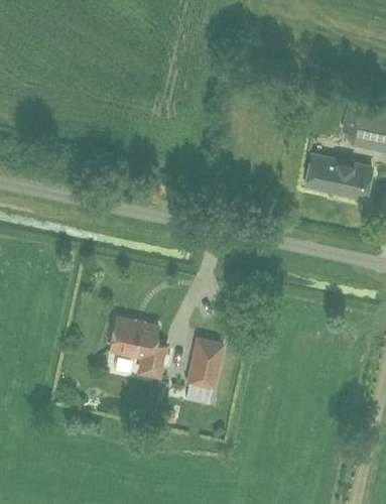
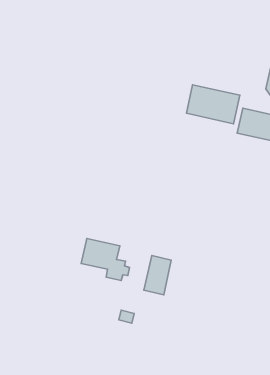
building: none -> [186,85,240,124]

